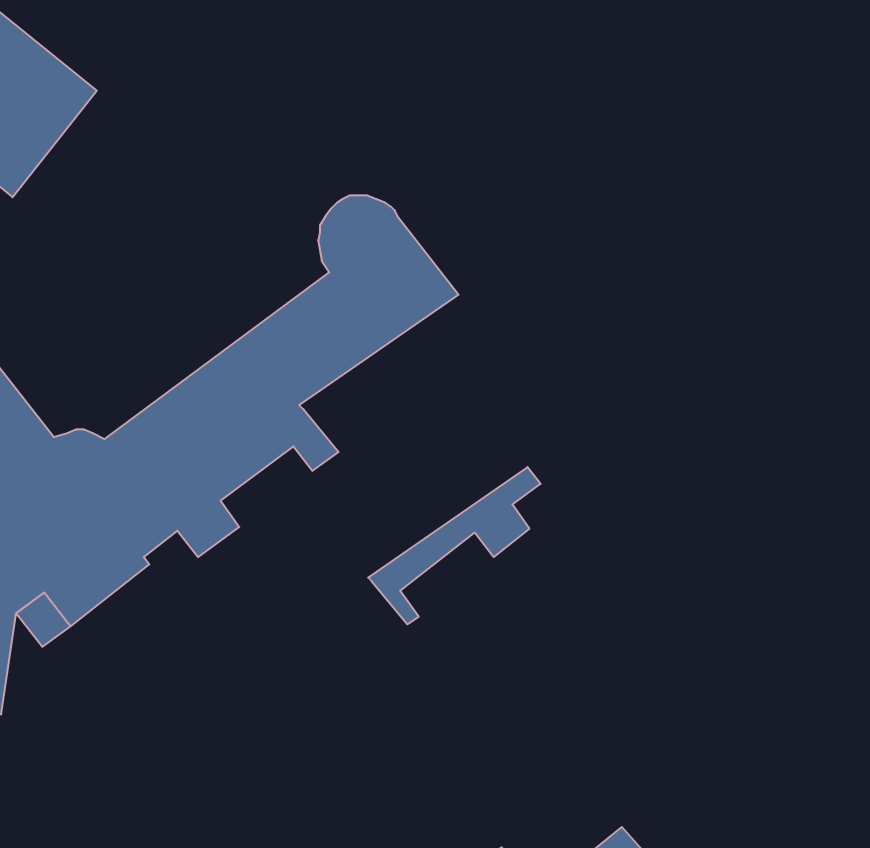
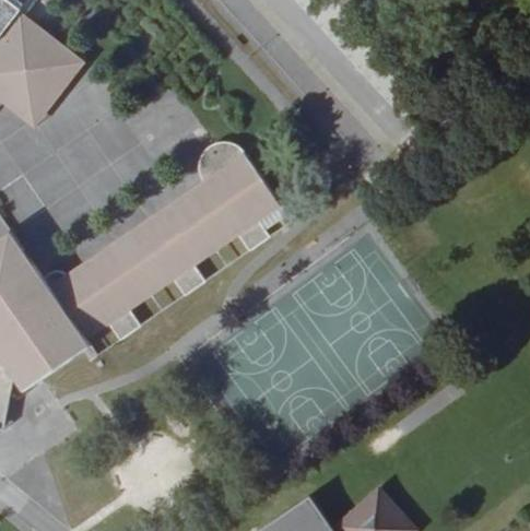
building: [368,467,541,624] -> [186,184,286,275]

